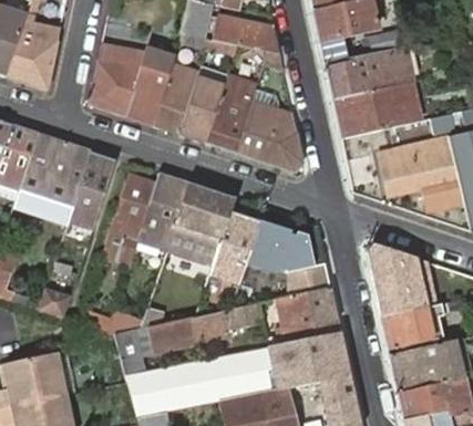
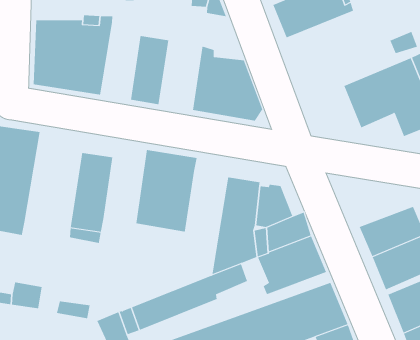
building: [153,58,203,133] -> none
building: [206,72,258,152] -> none
building: [335,80,422,136] -> none
building: [63,149,115,235] -> none
building: [137,172,187,249] -> none
building: [209,209,259,282] -> none
building: [367,242,429,285] -> none

